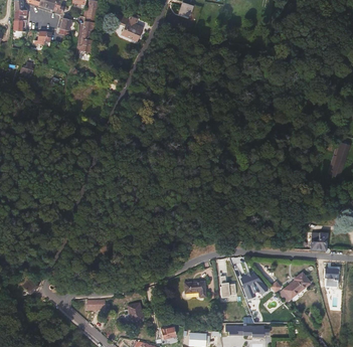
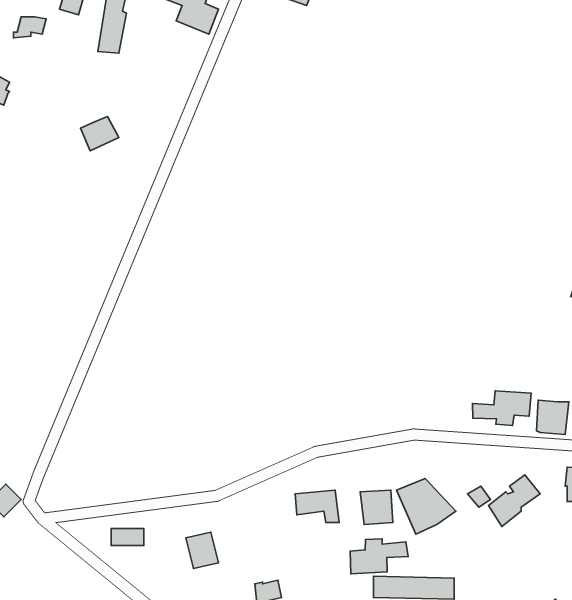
building: none -> [473,391,531,426]
building: none -> [350,539,408,574]

